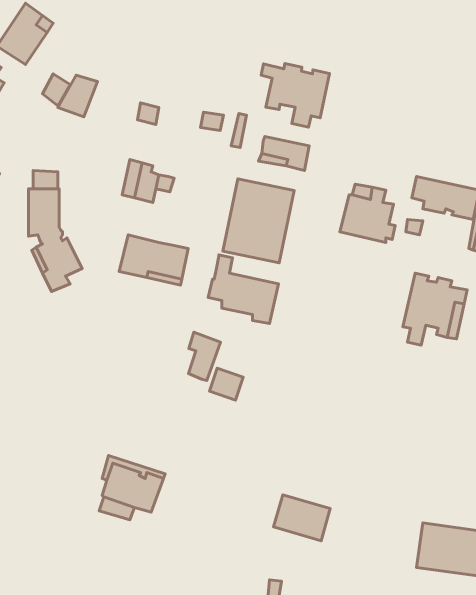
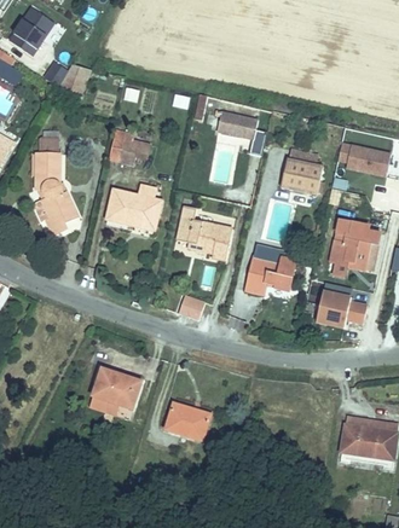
building: [261,64,330,127] -> none
building: [223,179,294,263] -> none
building: none -> [247,244,295,294]
building: [189,332,220,380] -> none
building: none -> [316,291,366,329]
building: [273,495,330,541] -> [166,404,210,440]

